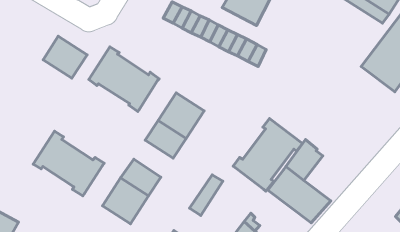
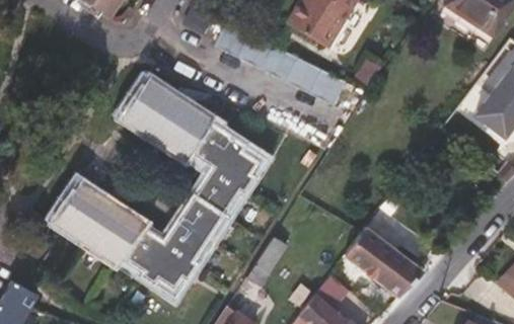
building: [43,36,87,78] -> none
building: none -> [186,120,231,170]
building: [233,119,303,191] -> none
building: none -> [178,194,227,240]
building: none -> [118,226,162,275]

